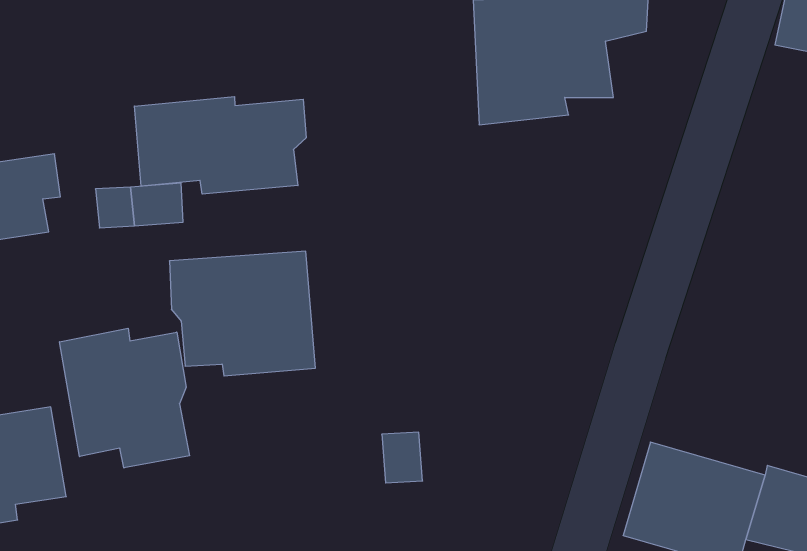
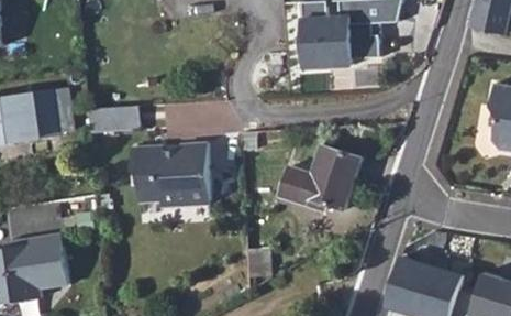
building: [134,97,306,194] -> none
building: none -> [280,145,362,210]
building: [60,328,189,468] -> none

